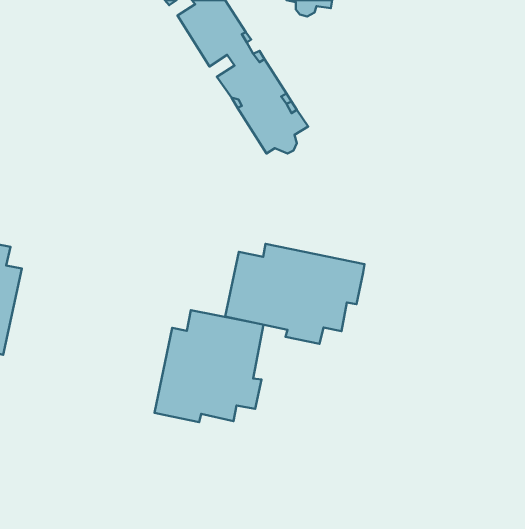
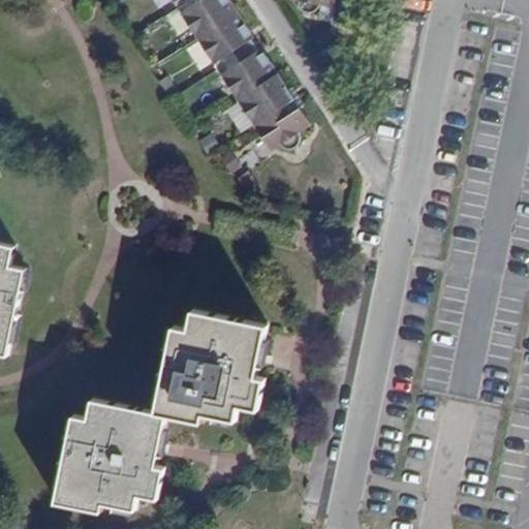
building: [225,244,365,344] -> none
building: none -> [54,400,163,511]

